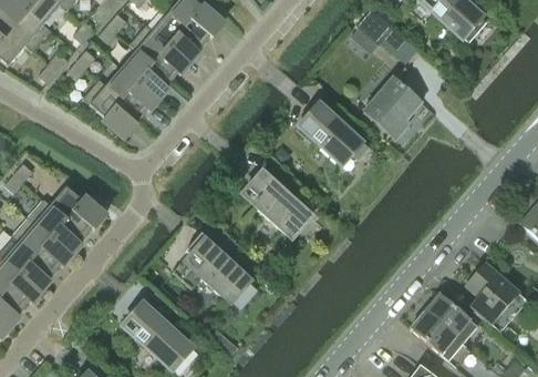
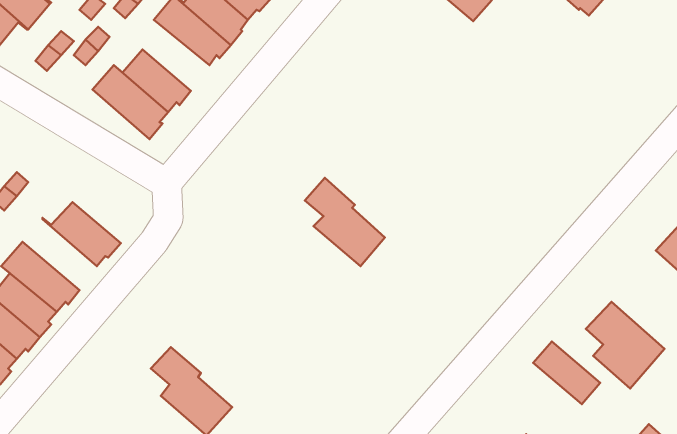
building: [121,44,173,100] -> none
building: [363,77,422,139] -> none
building: [304,100,366,163] -> none
building: [28,200,85,255] -> none
building: [173,226,248,302] -> none
building: [410,312,462,360] -> none

